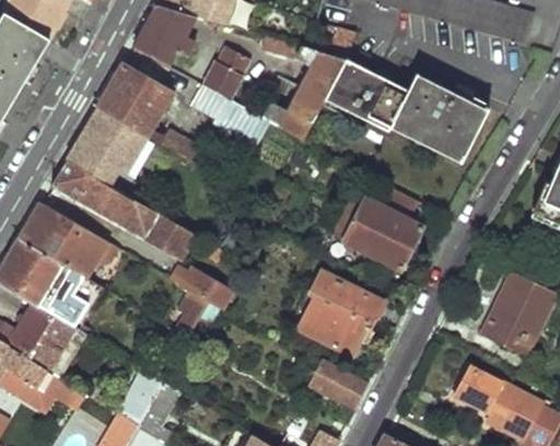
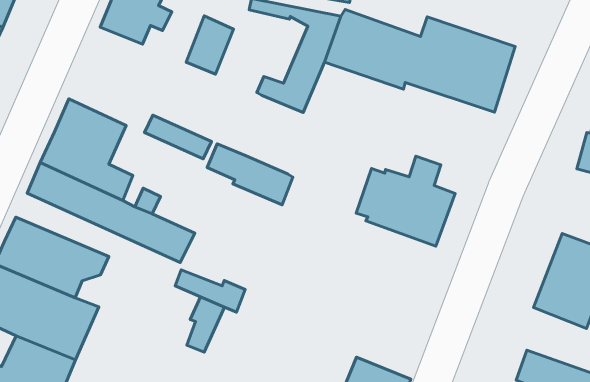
building: [97,66,171,137] -> none
building: [191,87,265,146] -> [207,144,293,205]
building: [298,271,384,355] -> none

